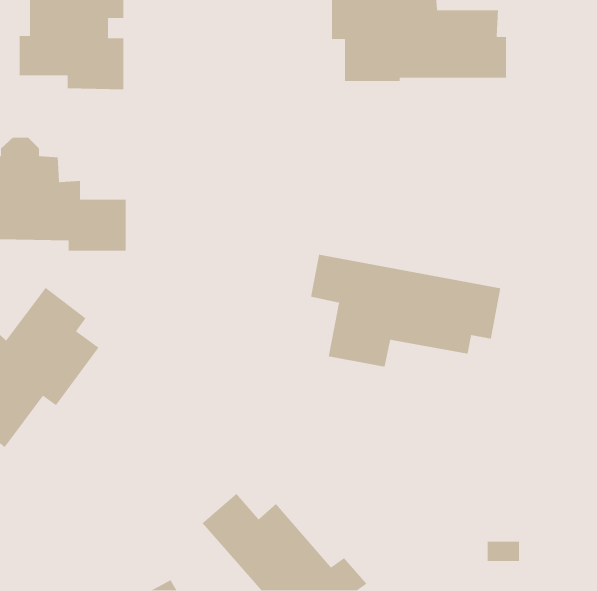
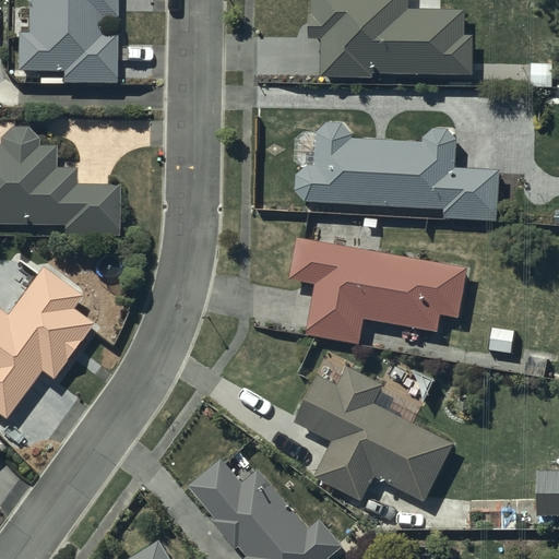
building: none -> [296,122,499,216]
building: none -> [295,366,452,501]

